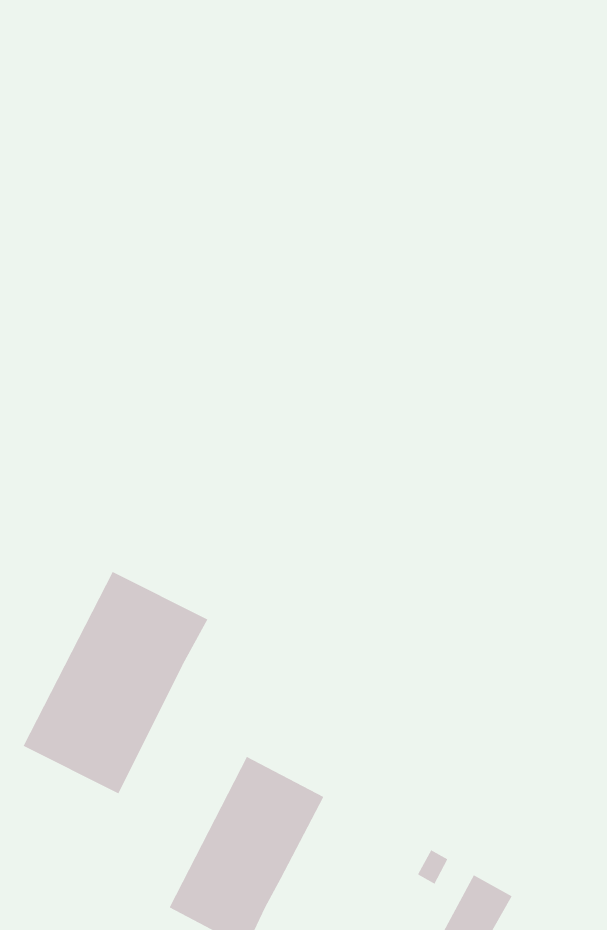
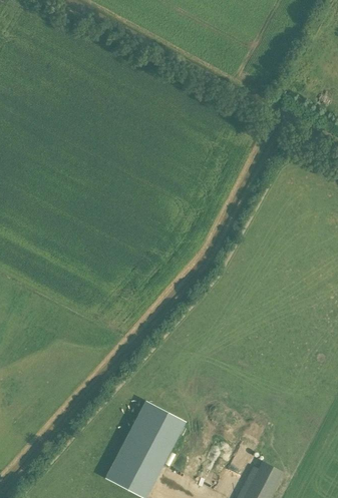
building: [23,571,208,794] -> none

